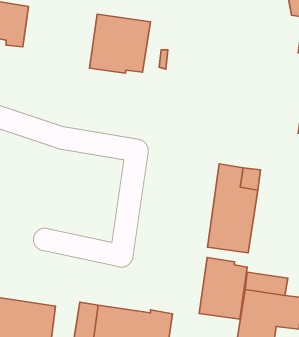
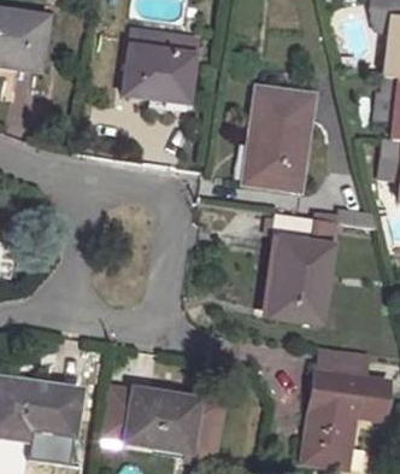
building: none -> [249,88,311,191]
building: [199,258,247,319] -> none

